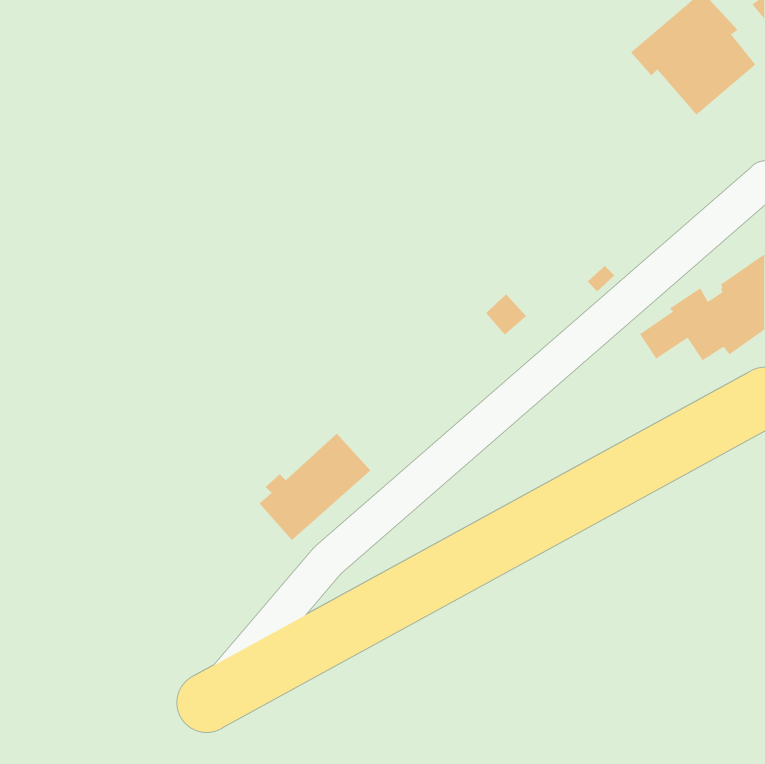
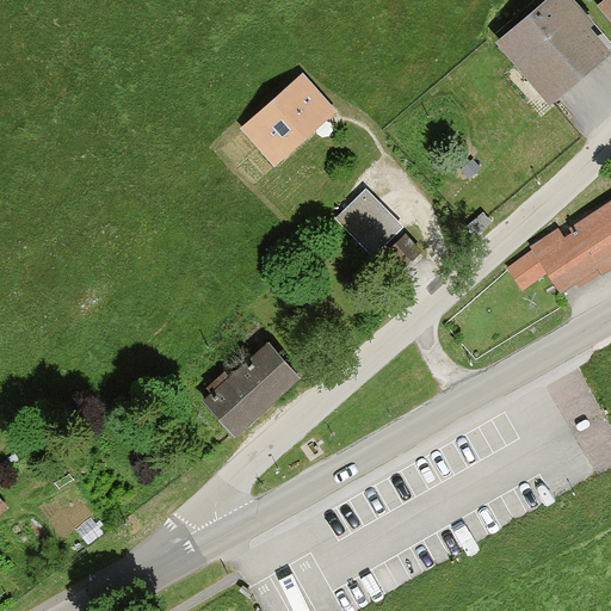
building: none -> [247,78,329,159]
building: none -> [337,192,400,255]

